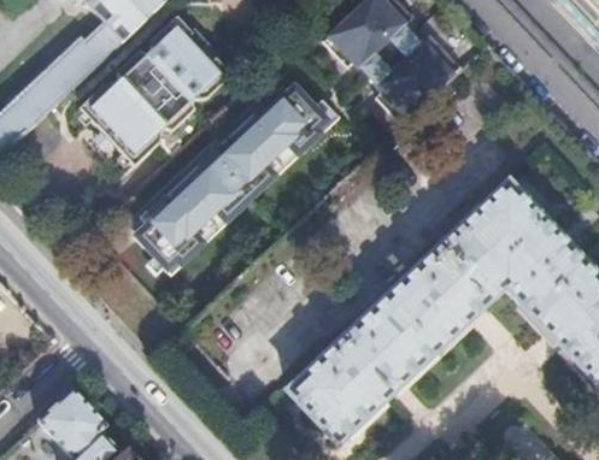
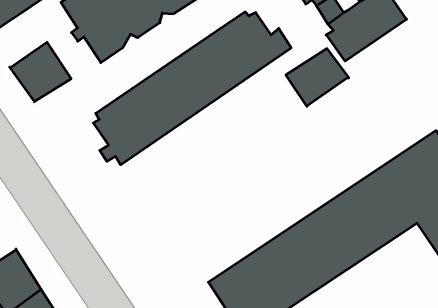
building: none -> [286,49,349,106]
building: none -> [10,42,71,102]

